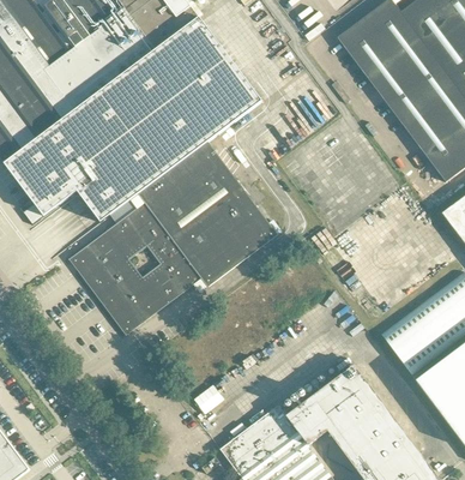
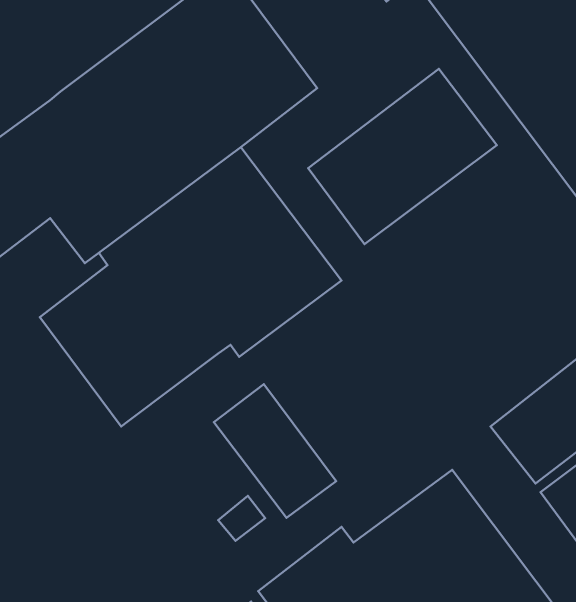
building: none -> [308,69,497,244]
building: none -> [214,384,336,518]

